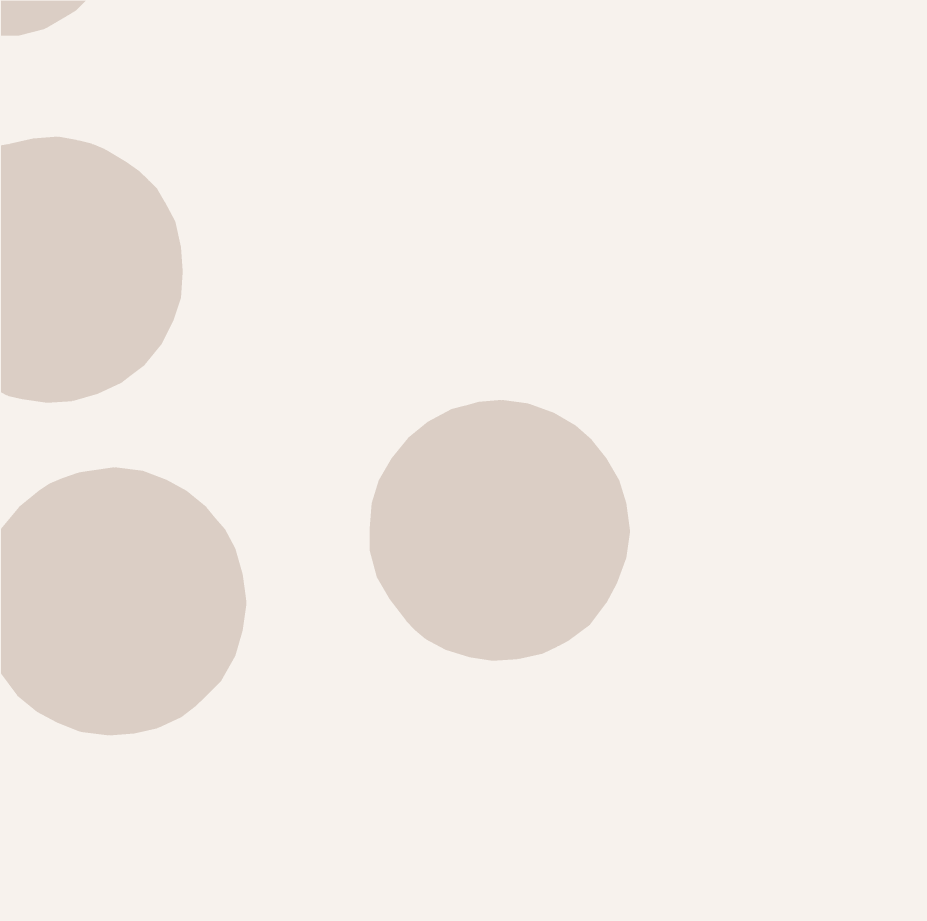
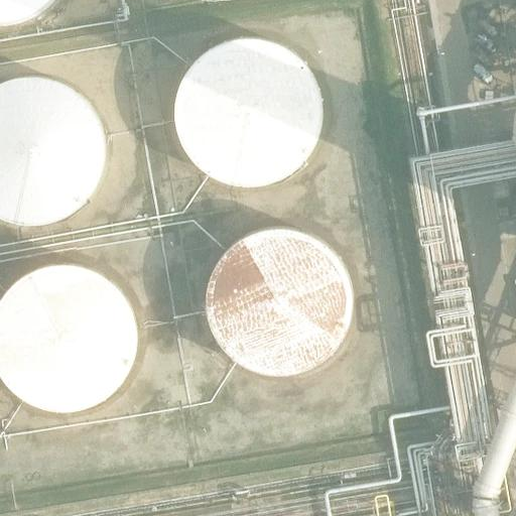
building: none -> [172,37,321,186]

